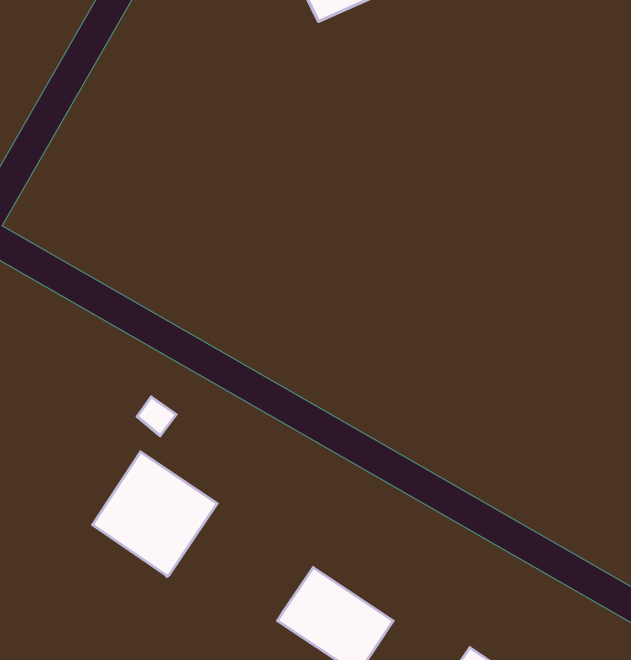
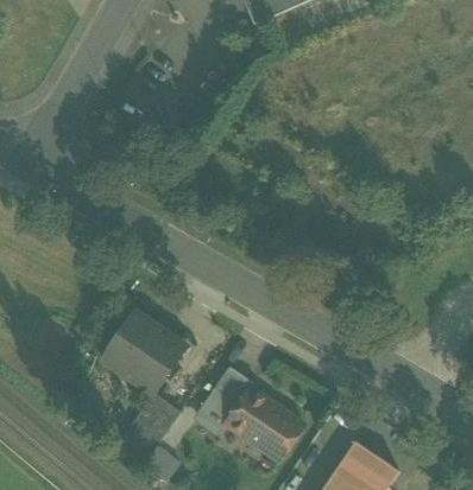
building: none -> [206,365,254,418]
building: none -> [132,393,181,441]

